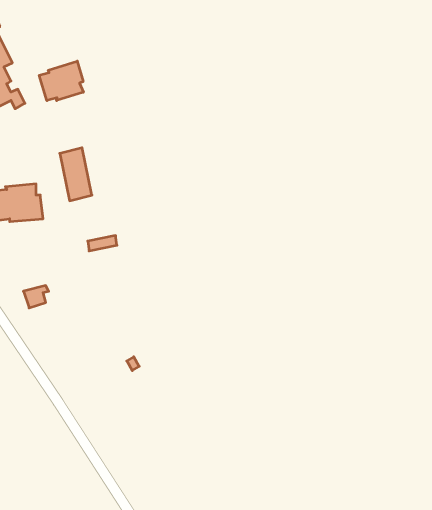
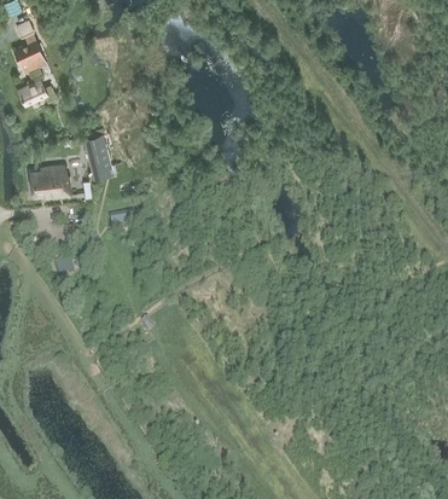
building: [39,61,83,101] -> none

